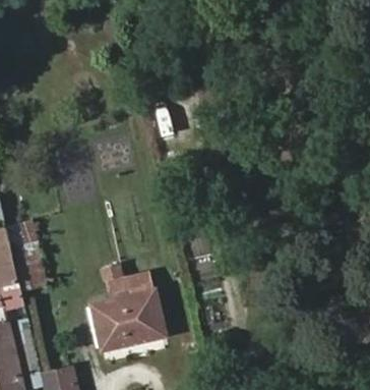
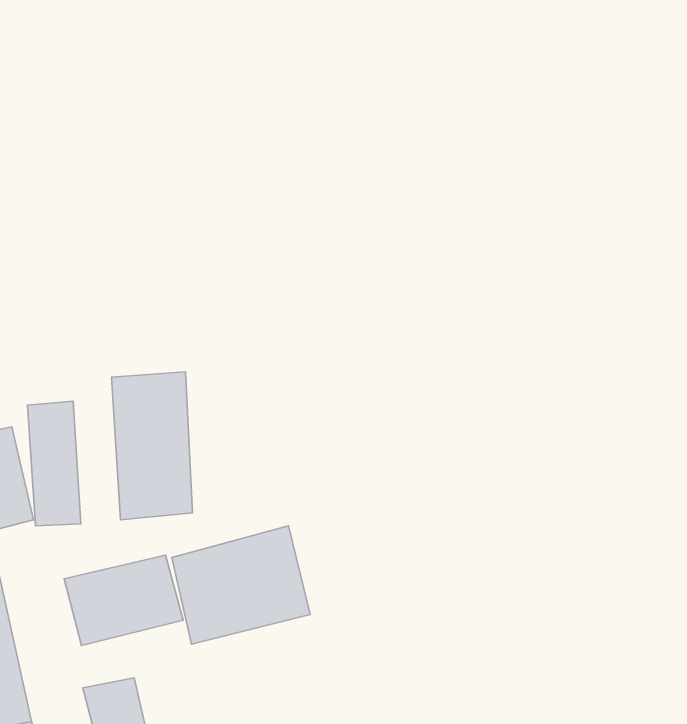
building: none -> [111,372,193,520]
building: none -> [64,555,183,645]

